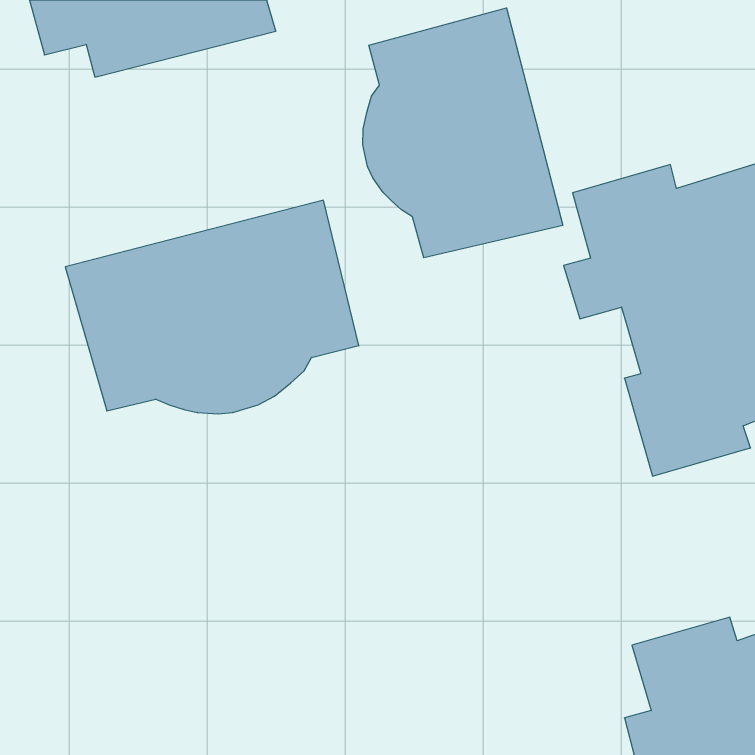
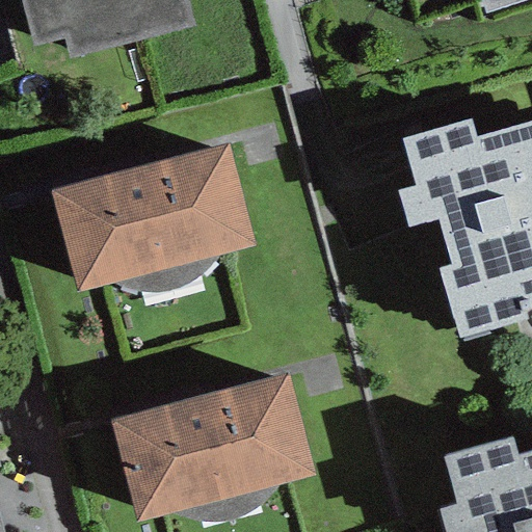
building: [363,8,563,258] -> none
building: none -> [109,372,315,521]

